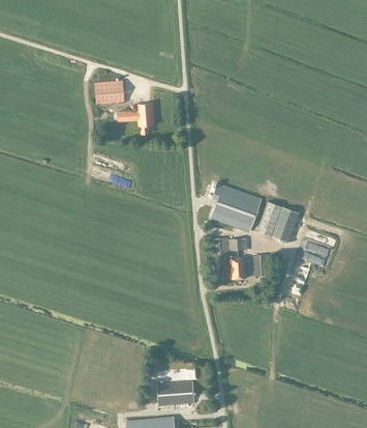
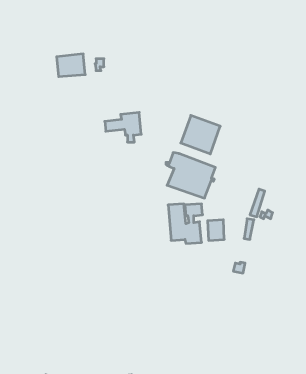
building: [118,103,156,134] -> [105,112,141,142]
building: [257,201,299,241] -> [181,115,220,154]
building: [157,381,194,404] -> none

